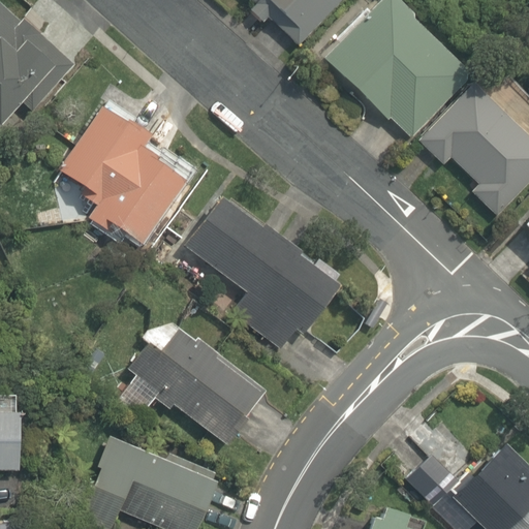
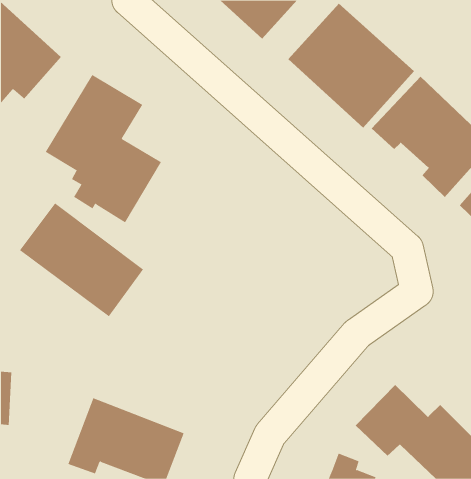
building: [185,195,338,347] -> none
building: none -> [19,203,144,317]
building: [135,322,267,443] -> none

